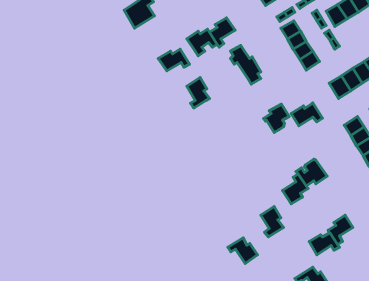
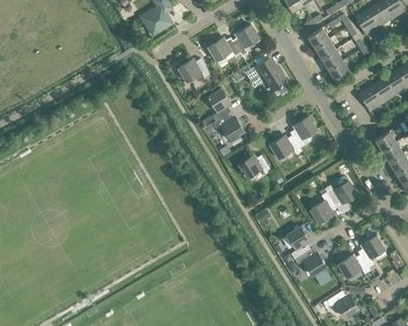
building: none -> [202,113,244,146]
building: [291,103,322,126] -> [269,135,303,159]
building: none -> [239,155,271,179]
building: [228,238,257,263] -> [295,249,326,276]

